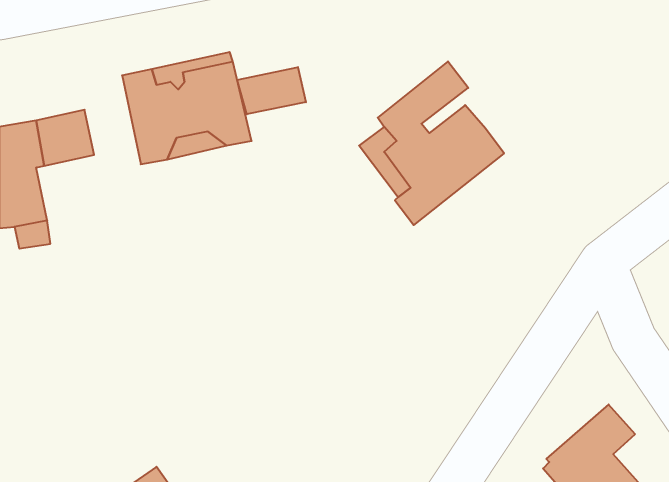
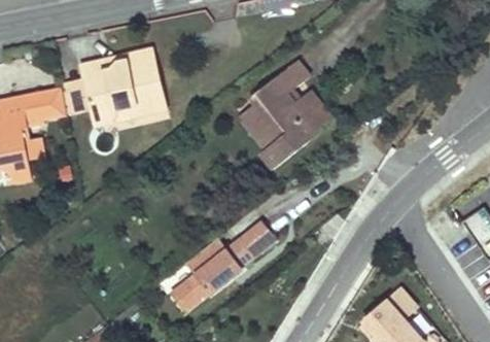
building: [237,67,306,114] -> none
building: none -> [170,220,275,311]

